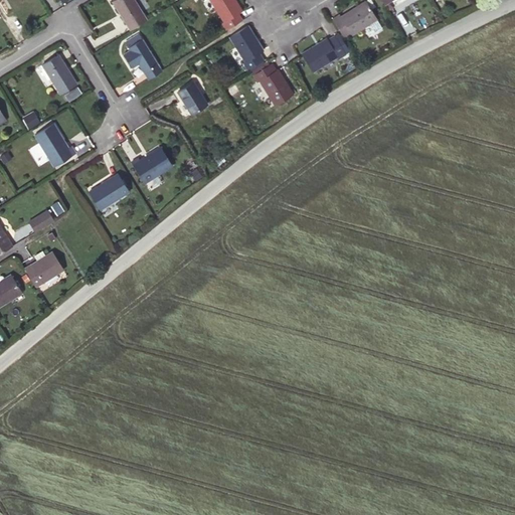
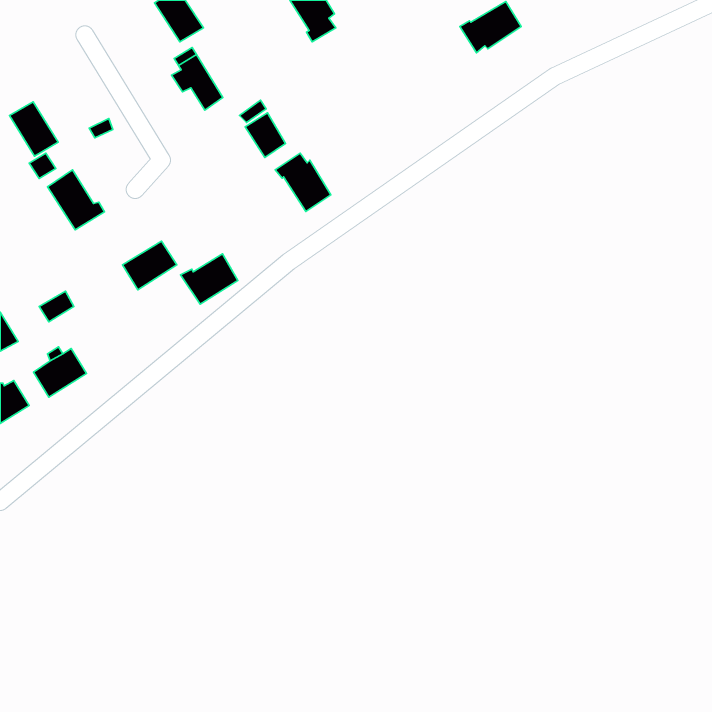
building: [229,25,264,69] -> none
building: [301,36,345,71] -> none
building: [41,54,76,94] -> [10,102,58,156]
building: [252,63,293,106] -> [275,153,331,212]
building: [131,147,172,183] -> [181,254,238,304]

